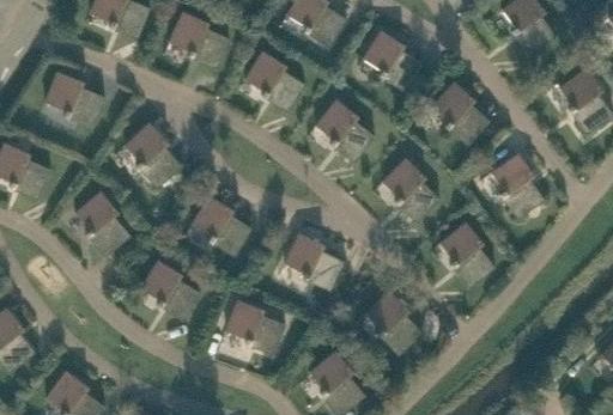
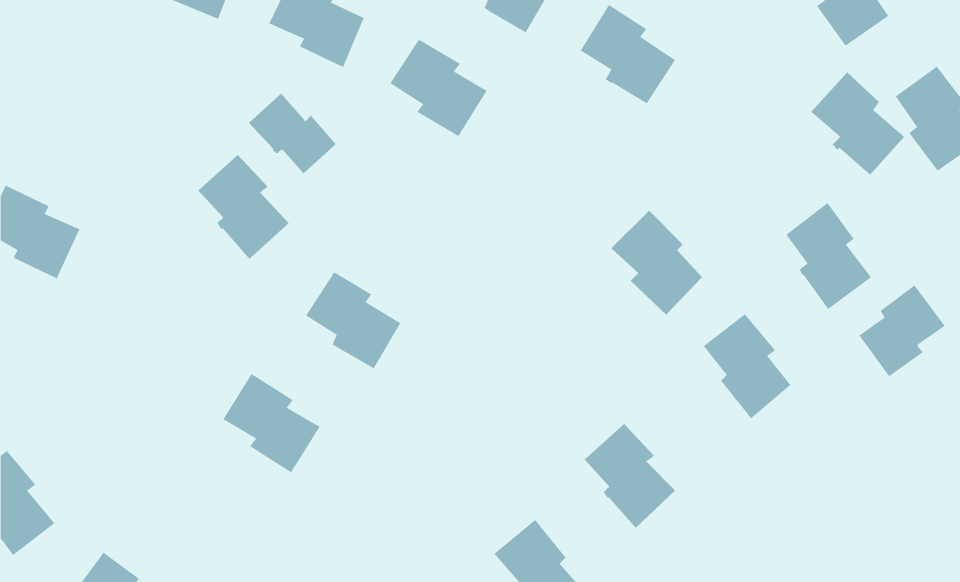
building: [43,71,104,127] -> none
building: [430,80,488,145] -> [811,72,905,175]
building: none -> [248,93,336,174]
building: [314,98,374,161] -> none
building: [73,190,129,256] -> none
building: none -> [858,284,946,377]
building: [283,232,344,291] -> none
building: [225,299,285,354] -> none

